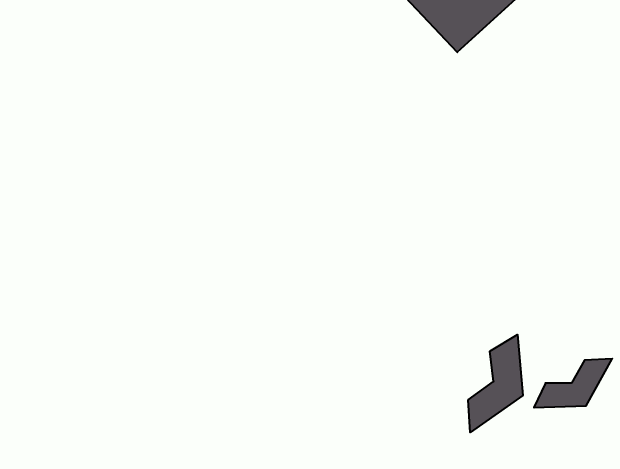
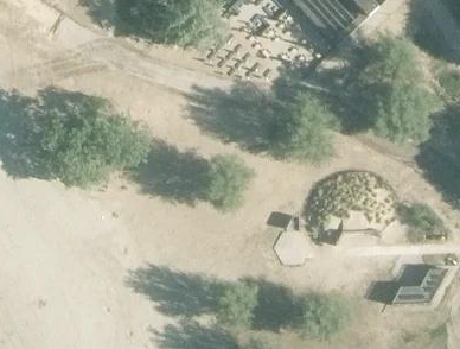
building: [468,335,523,432] -> none

